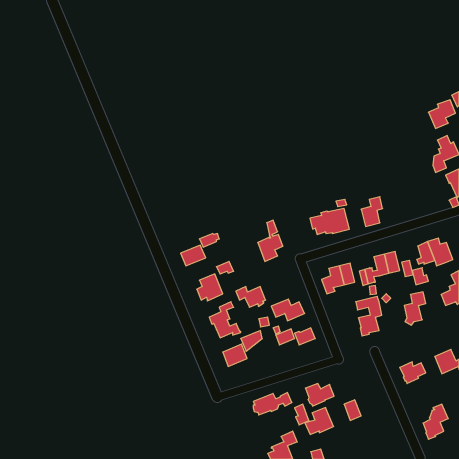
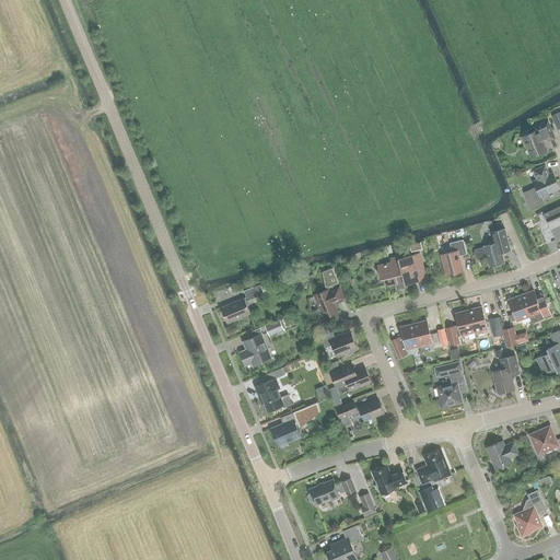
building: none -> [475,229,511,267]
building: [236,287,266,307] -> [320,331,357,357]
building: [305,408,334,434] -> [416,451,451,483]

